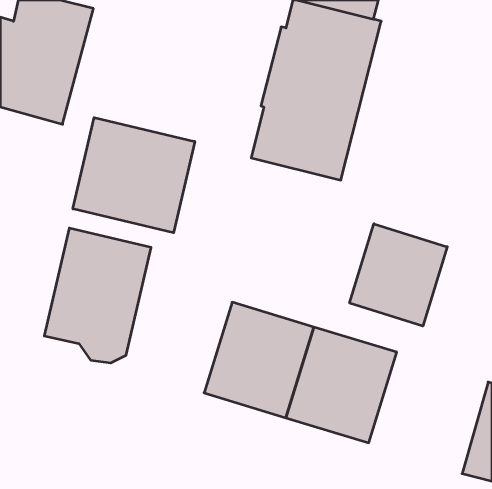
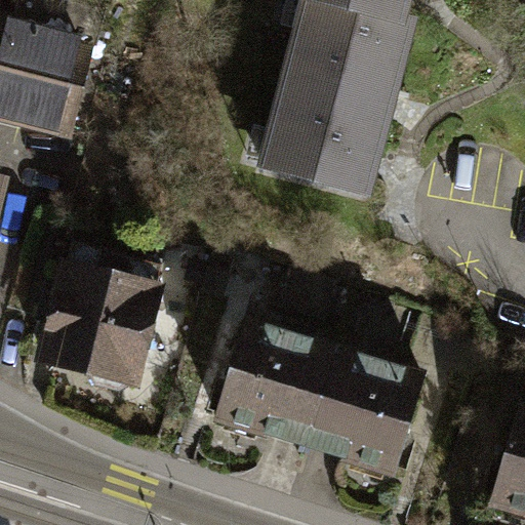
building: [73,118,195,233] -> none
building: [350,224,447,326] -> none

